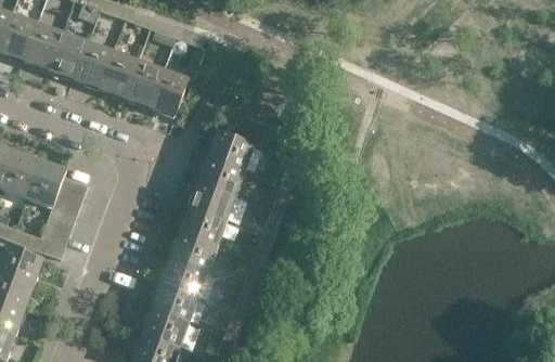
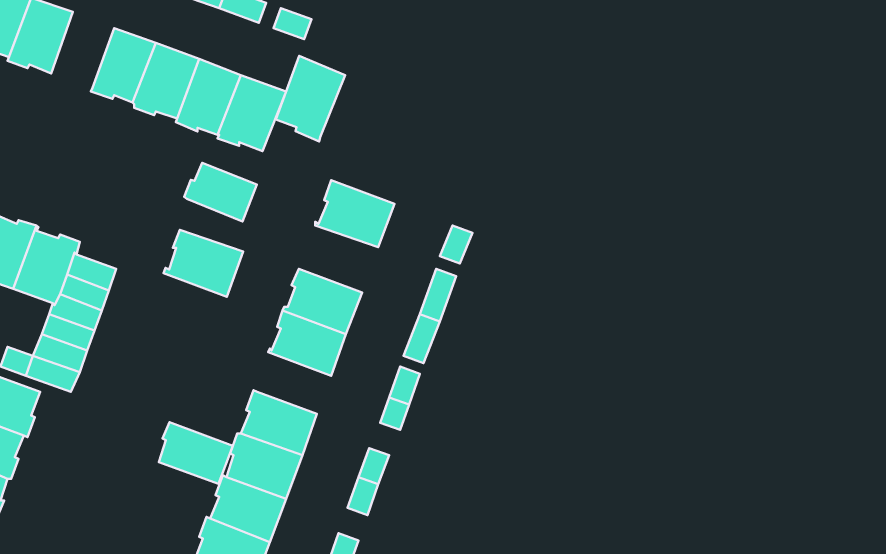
building: [48,30,87,76] -> none
building: none -> [276,56,345,141]
building: none -> [184,163,257,221]
building: [197,158,245,198] -> [164,230,243,297]
building: [172,234,217,271] -> [159,422,233,484]

